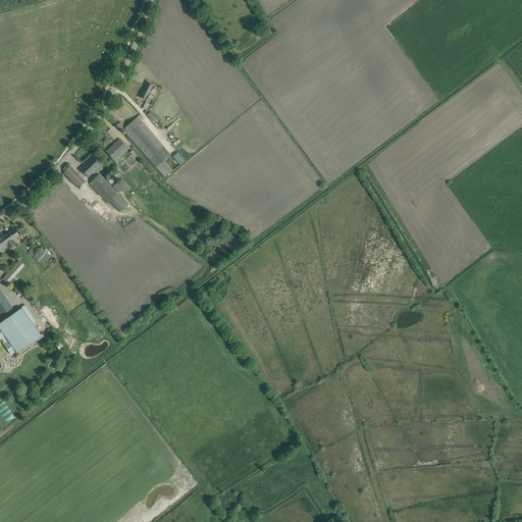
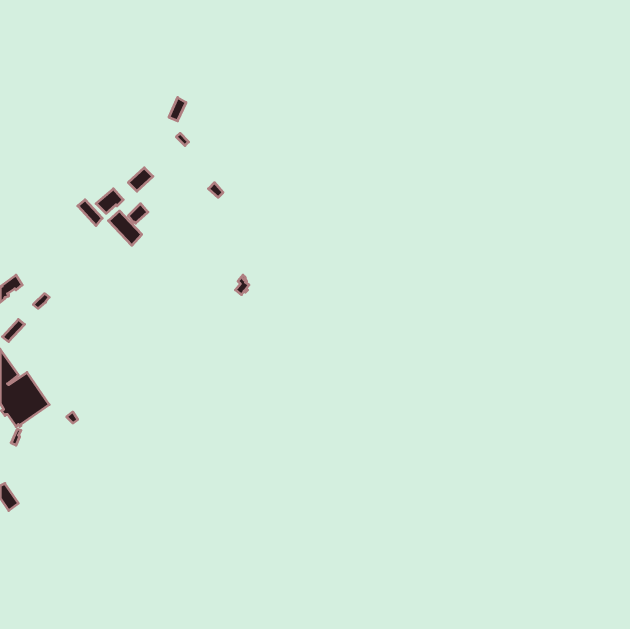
building: [123,116,173,176] -> none

